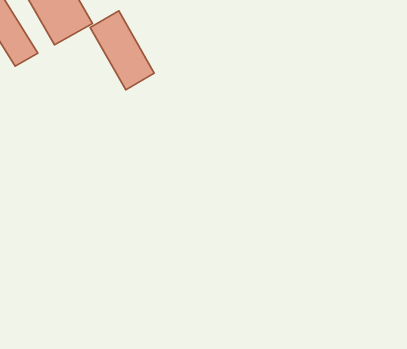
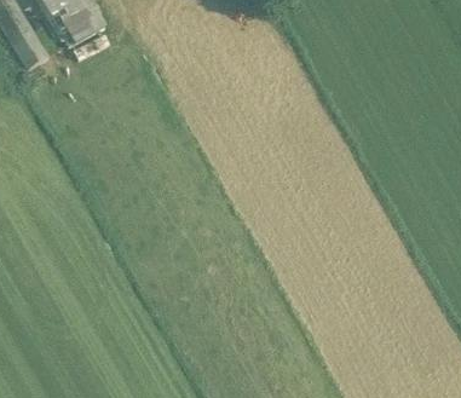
building: [90,11,154,90] -> none

